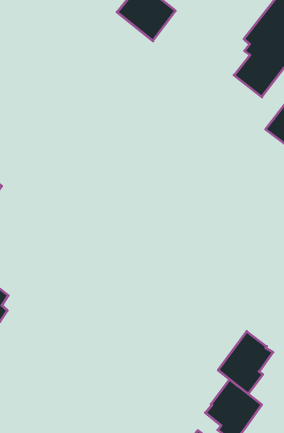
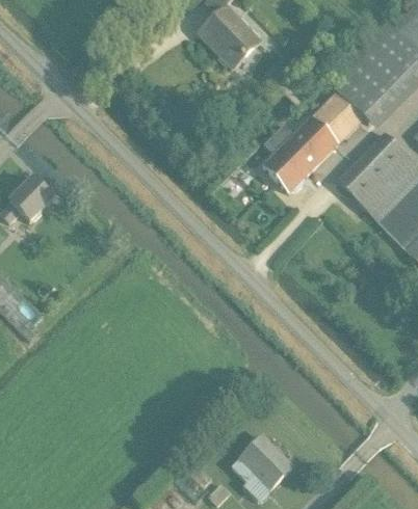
building: none -> [263,115,339,190]
building: [218,331,273,394] -> none

